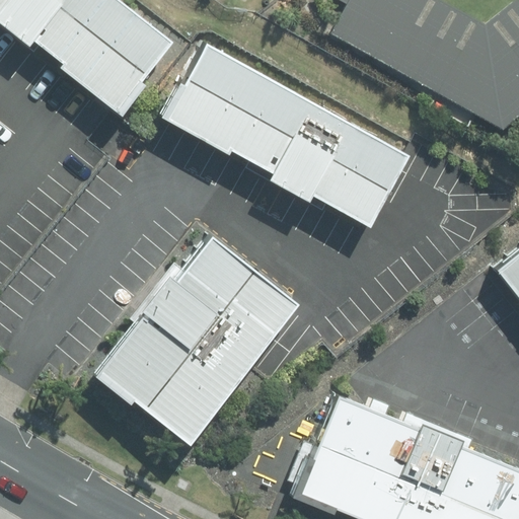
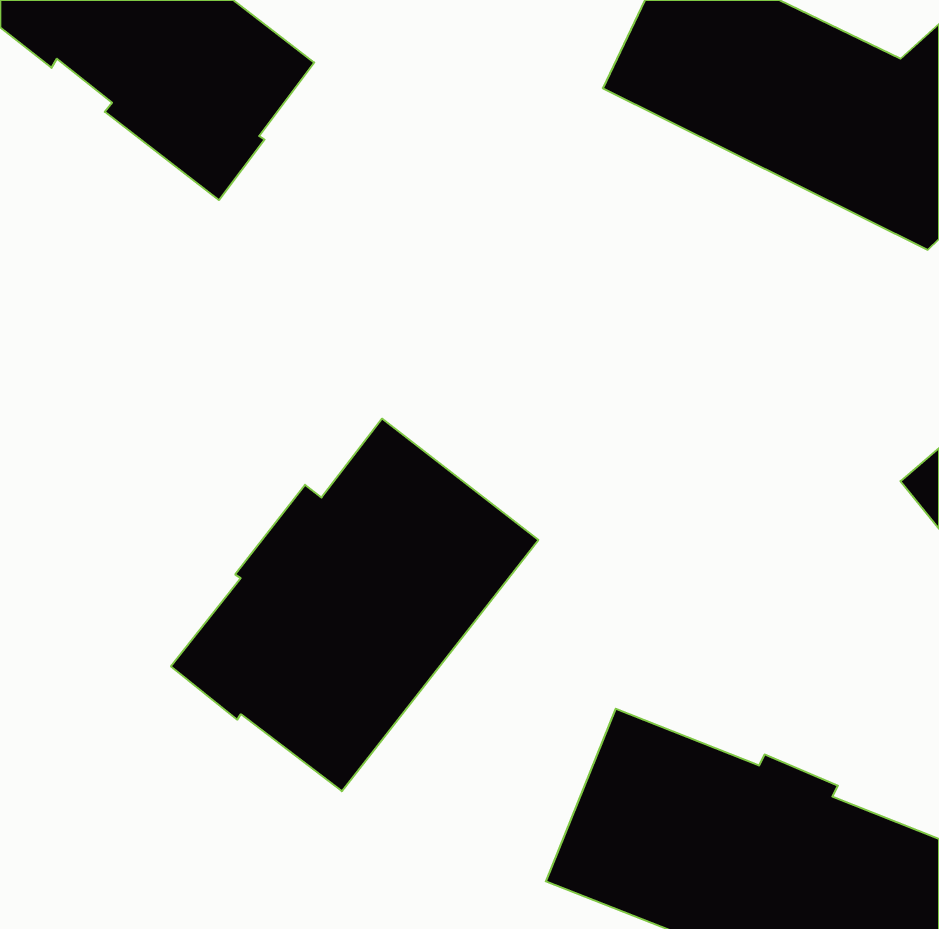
building: [159,45,410,226] -> none

